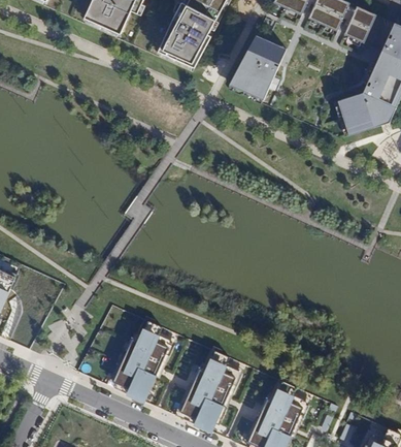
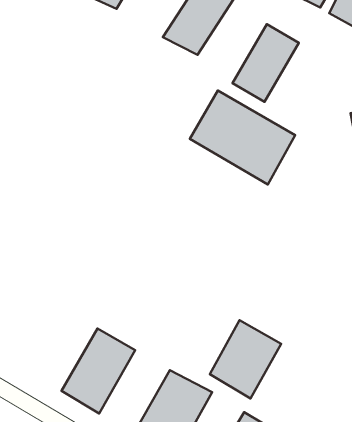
building: none -> [190,91,295,185]
building: none -> [210,320,281,399]

